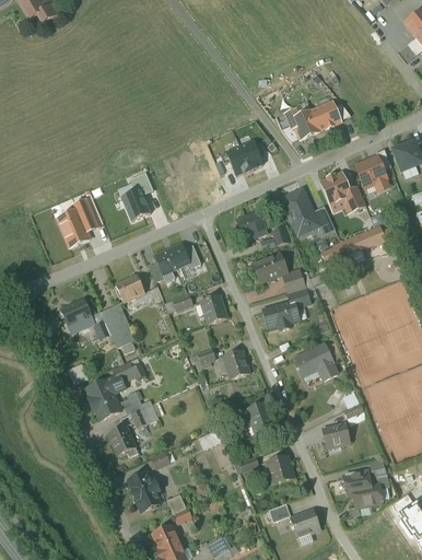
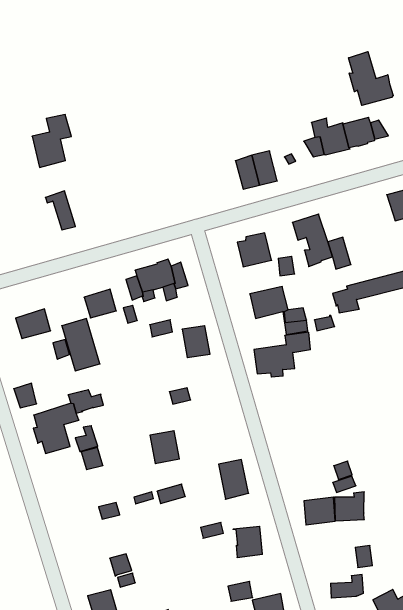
building: none -> [349,52,393,105]
building: [319,172,362,212] -> none
building: [119,174,152,221] -> [32,115,71,167]
building: [55,208,93,249] -> none
building: [295,342,338,380] -> none
building: [223,349,250,378] -> [150,431,179,464]
building: [108,424,139,456] -> none
building: [344,468,372,495] -> [335,492,364,521]
building: [129,471,161,511] -> none

